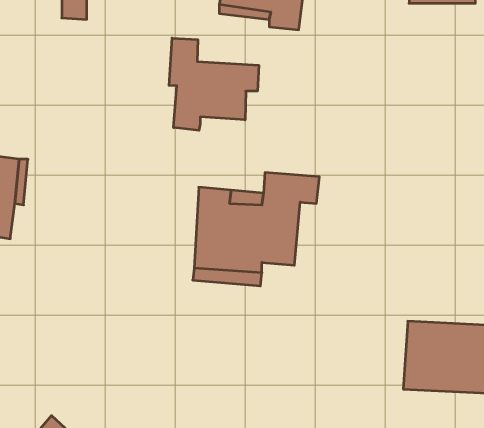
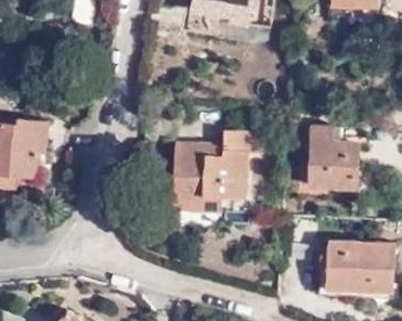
building: [169,38,259,130] -> none
building: none -> [309,125,359,189]

